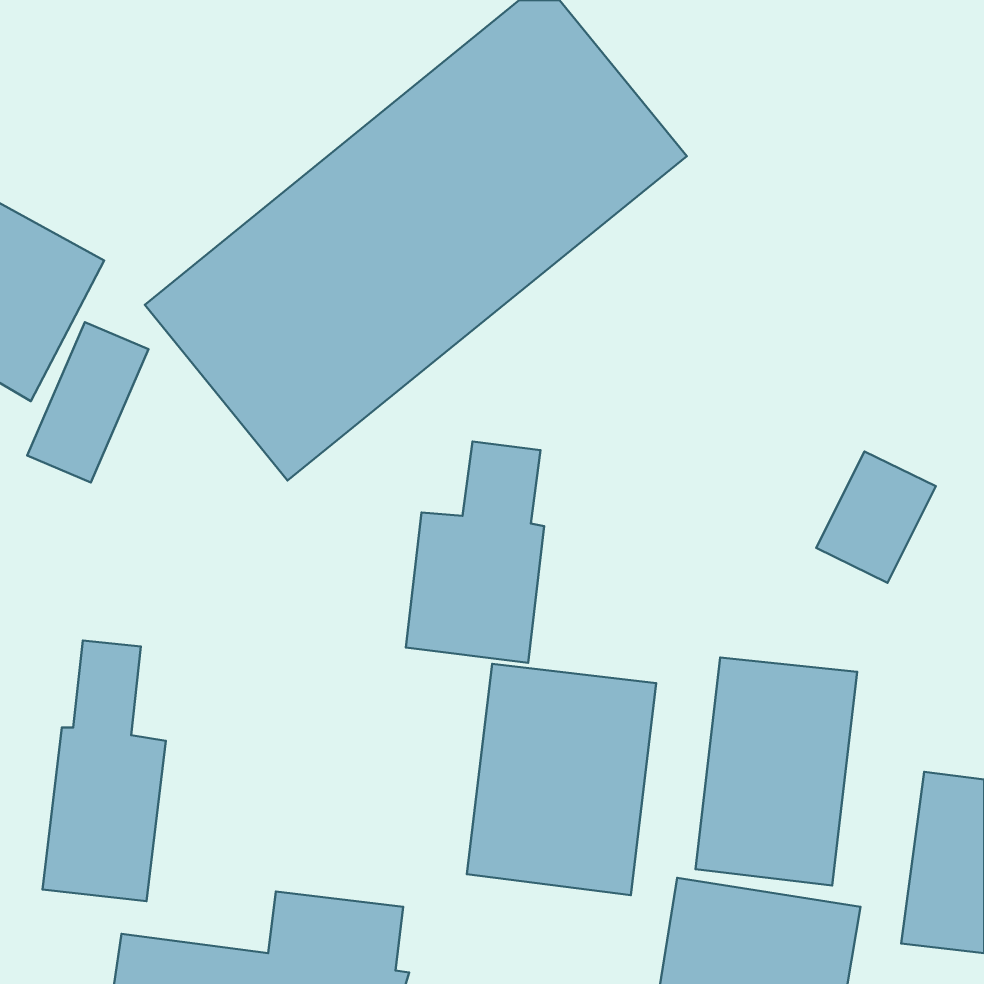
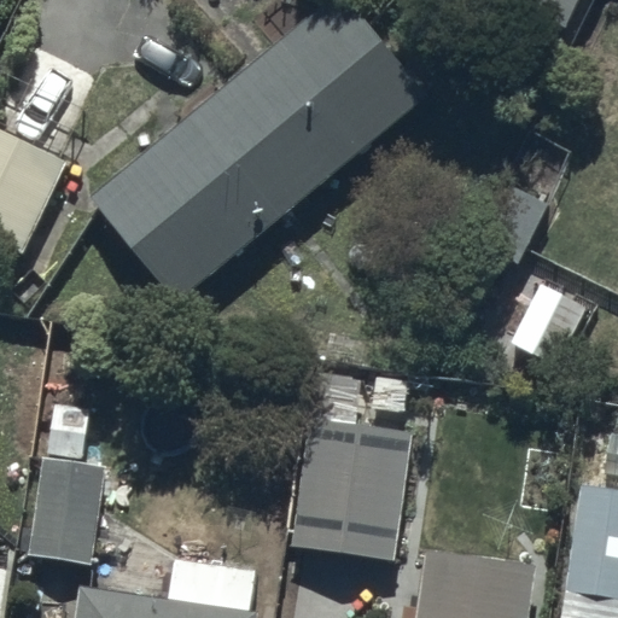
building: [406,441,544,663] -> none
building: [695,658,857,885] -> none

